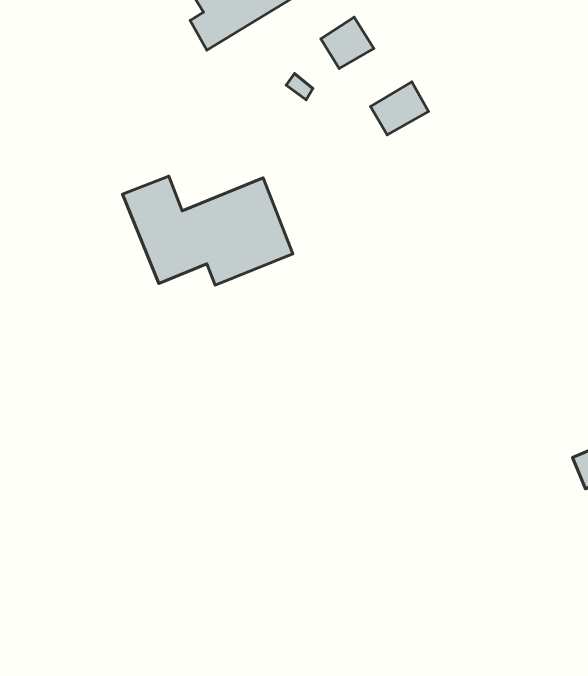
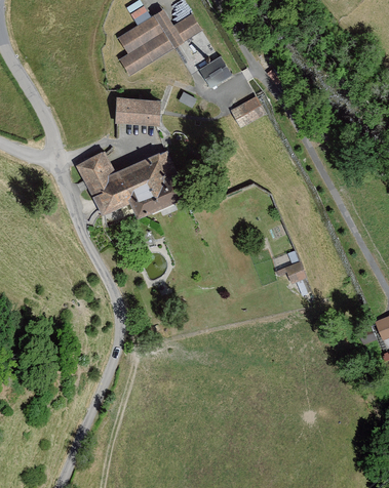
building: none -> [116,96,161,123]
building: none -> [276,258,308,284]

